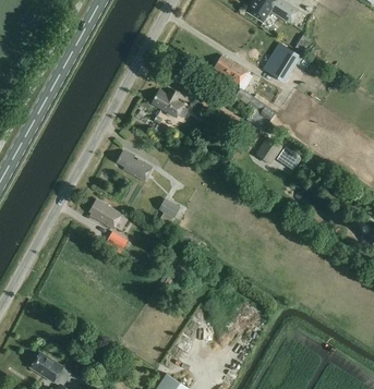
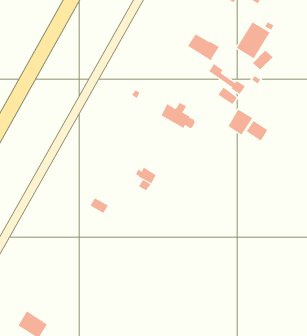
building: [152,88,189,117] -> [161,102,195,129]
building: [116,149,153,181] -> none
building: [89,198,121,228] -> none

